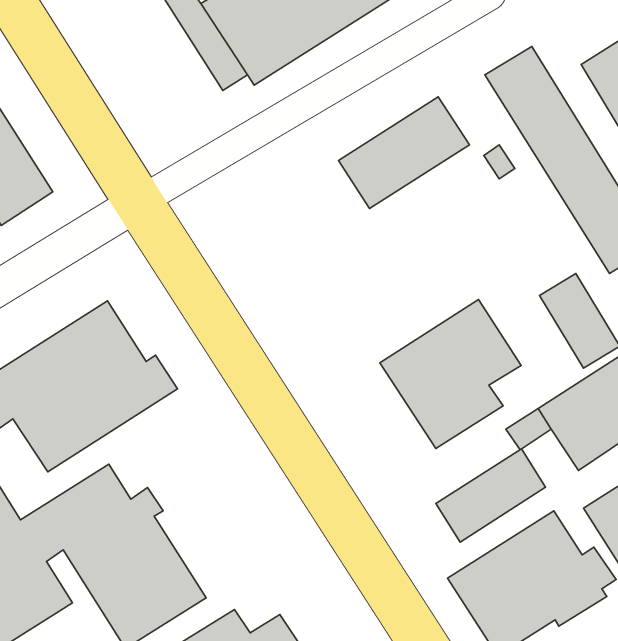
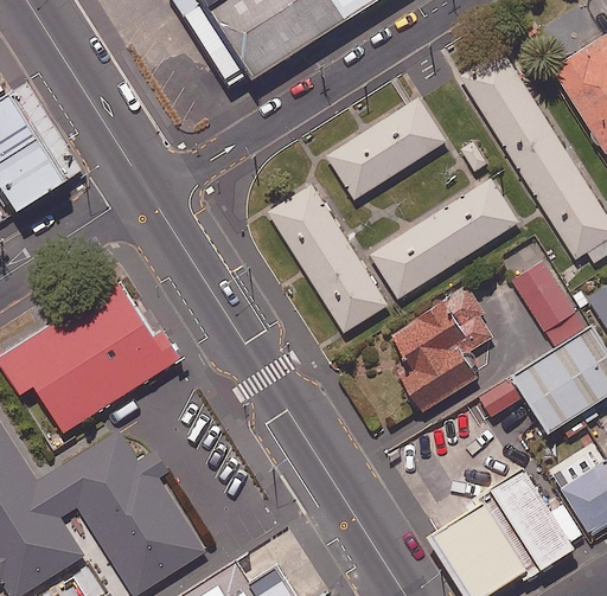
building: none -> [370,177,519,297]
building: none -> [269,184,388,331]
building: [436,449,546,542] -> none

